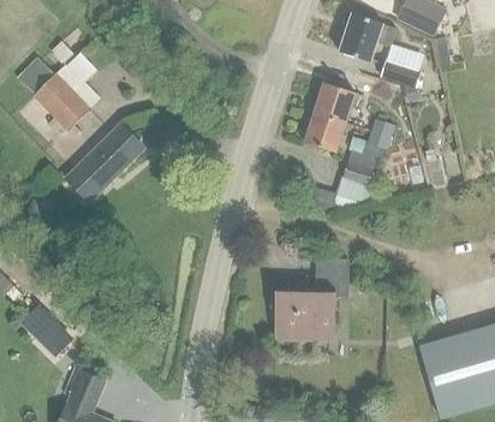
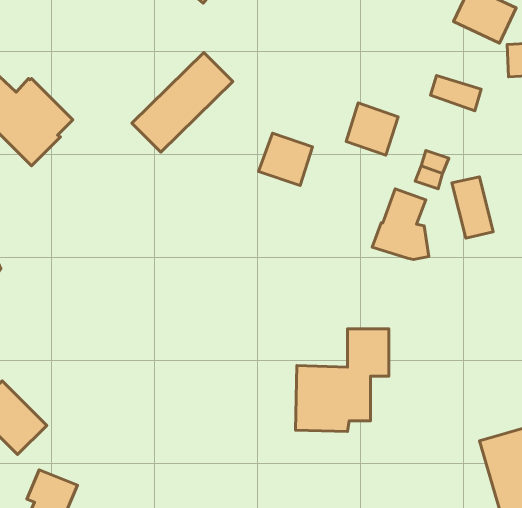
building: [339,13,396,63] -> none
building: [304,112,346,153] -> [259,133,312,185]
building: [65,124,144,202] -> [132,52,233,152]

